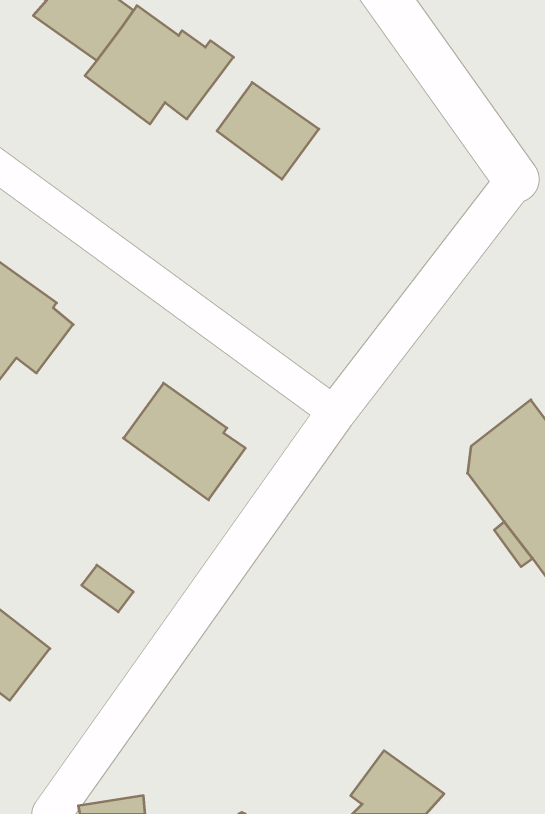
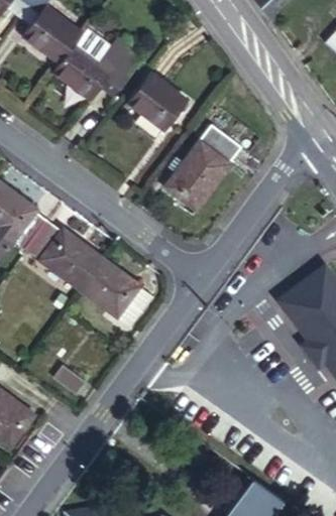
building: none -> [162,124,239,208]
building: none -> [23,220,100,288]

